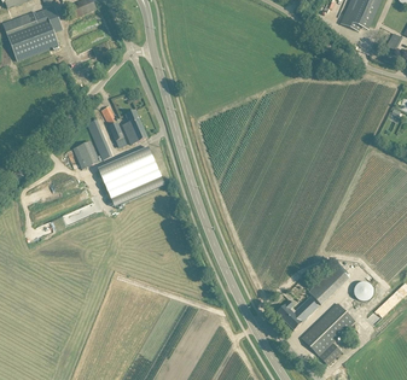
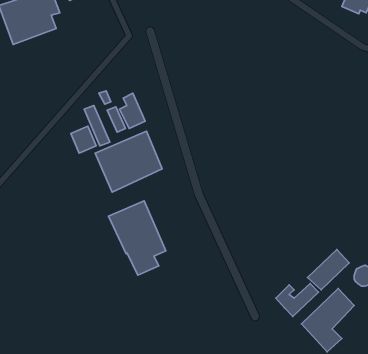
building: none -> [109,201,166,275]

